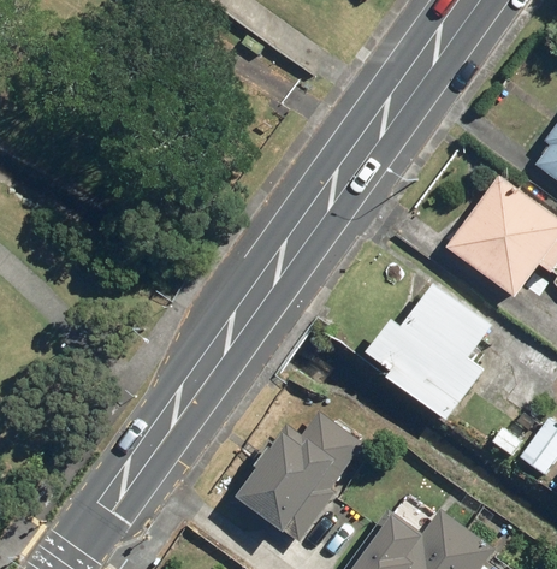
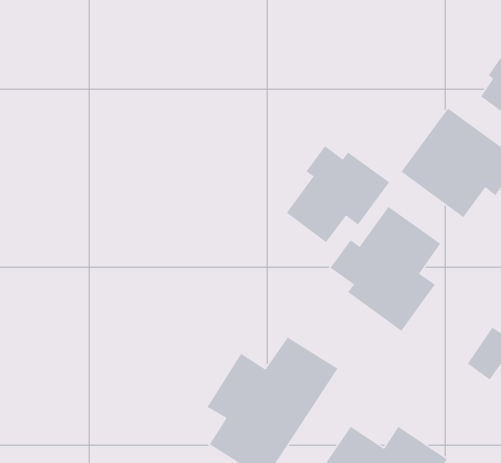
building: none -> [286,145,390,243]

